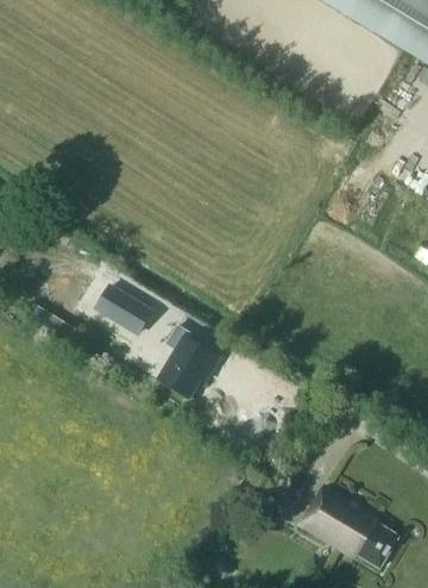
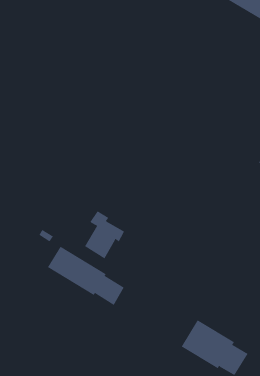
building: [93,282,149,332] -> none
building: none -> [47,246,124,306]

